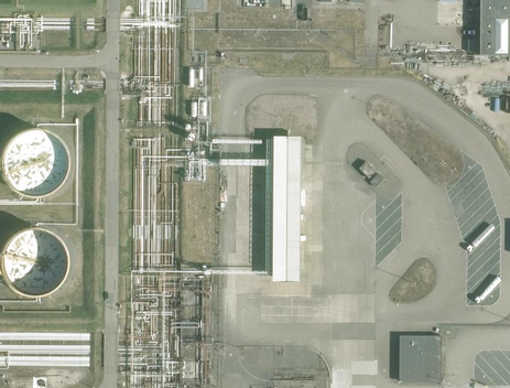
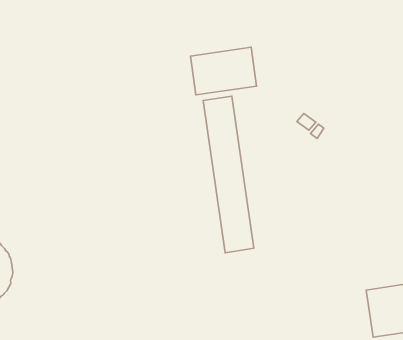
building: none -> [190,47,257,95]

